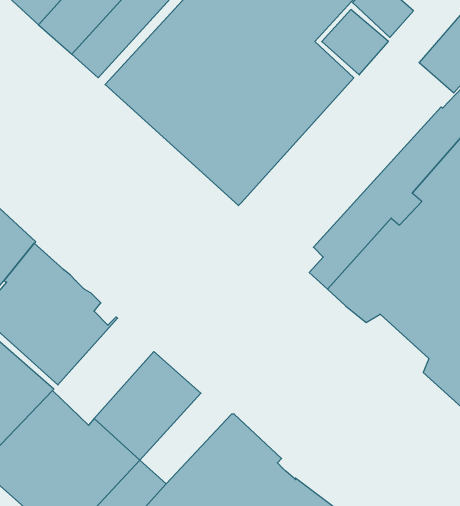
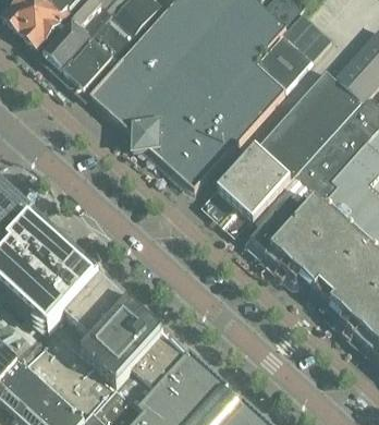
building: none -> [207,69,360,221]
building: none -> [48,277,127,361]
building: none -> [117,336,188,406]

